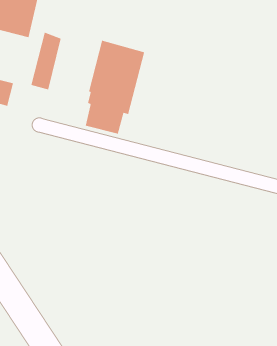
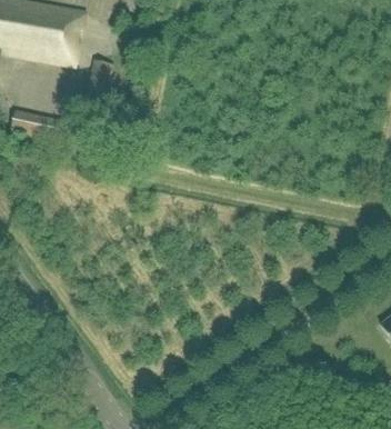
building: [85,40,145,135] -> none

